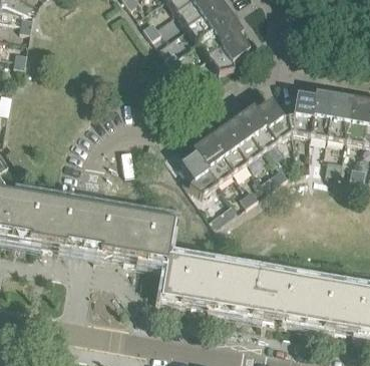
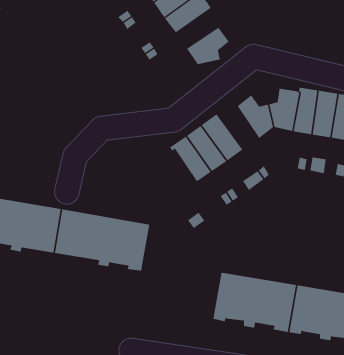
building: [200,13,245,52] -> none
building: [239,102,279,147] -> none
building: [181,147,220,191] -> none
building: [161,252,243,308] -> none

